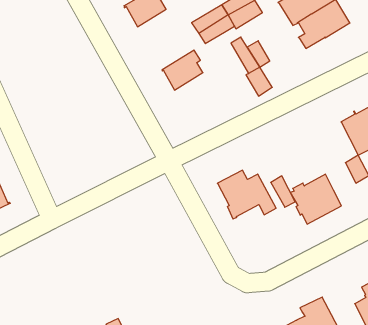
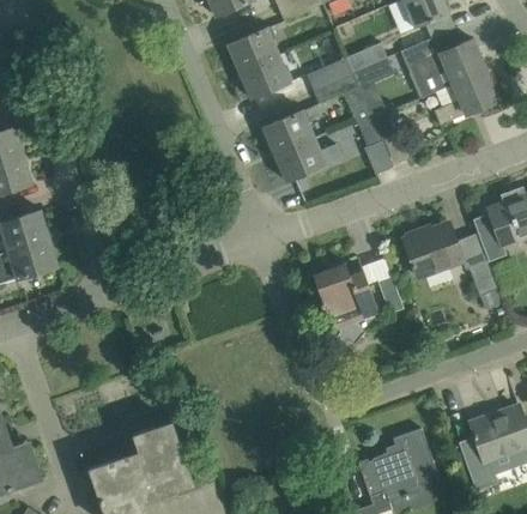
building: none -> [240,54,292,98]
building: none -> [274,137,341,181]
building: [290,174,341,224] -> [402,222,462,279]

